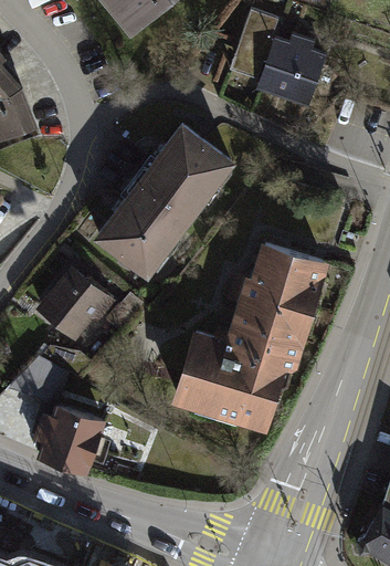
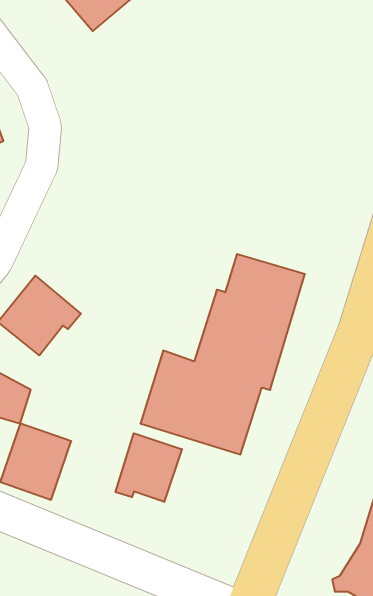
building: [225,14,323,109] -> none
building: [102,119,240,272] -> none
building: none -> [115,433,182,502]

